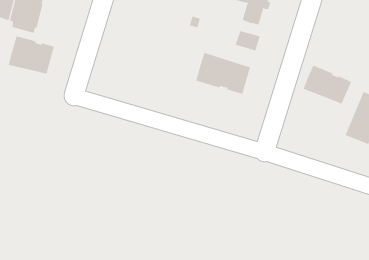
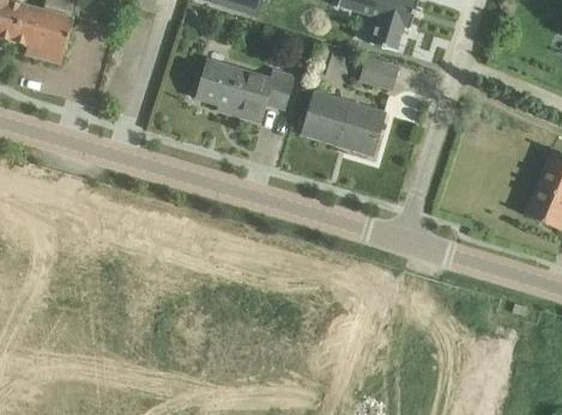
building: none -> [197,61,292,121]
building: [8,36,55,75] -> none
building: [303,65,352,104] -> none

